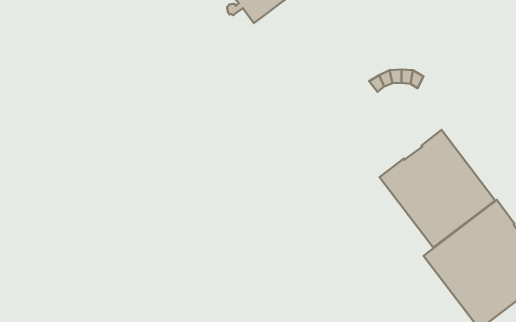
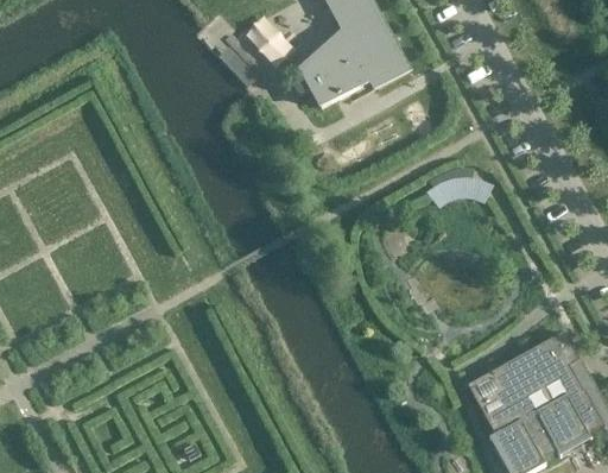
building: [379,130,495,248] -> none

